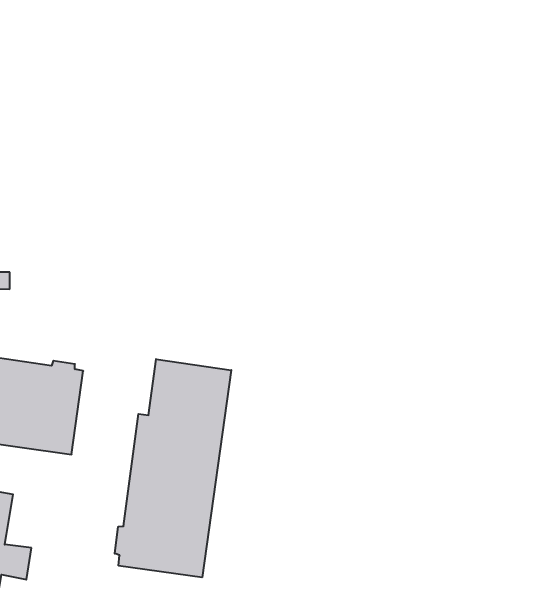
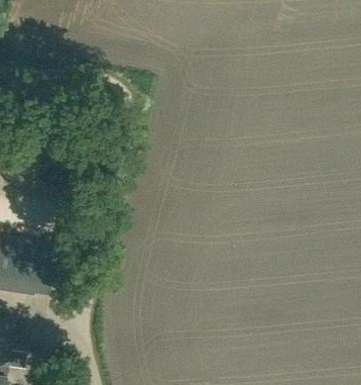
building: [115,359,231,577] -> none

